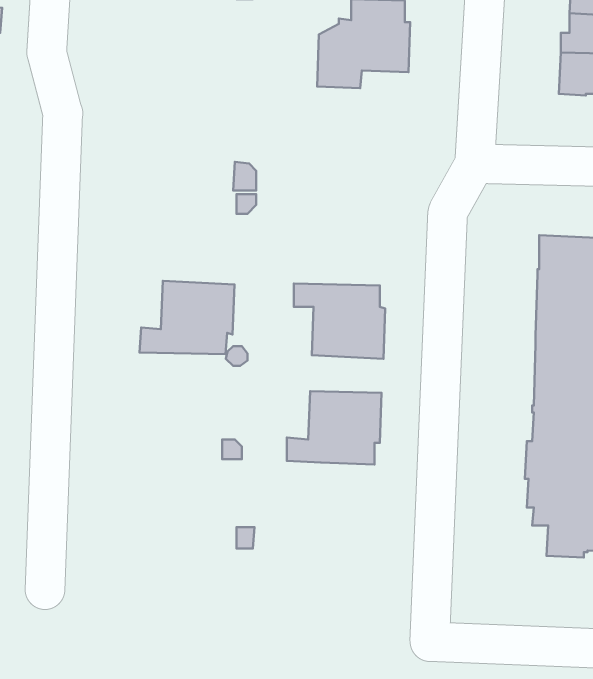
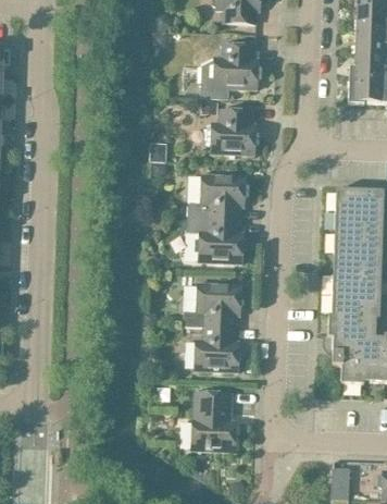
building: none -> [208,109,255,153]
building: [139,281,234,354] -> [188,173,246,218]
building: none -> [195,325,239,370]
building: none -> [191,391,236,451]

